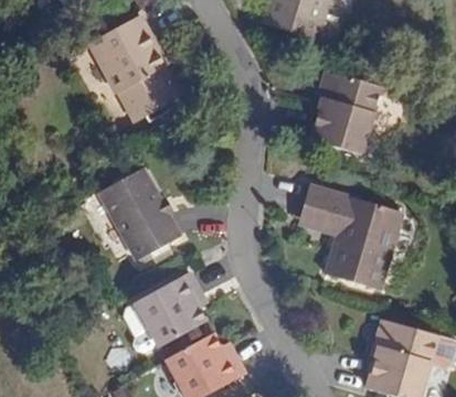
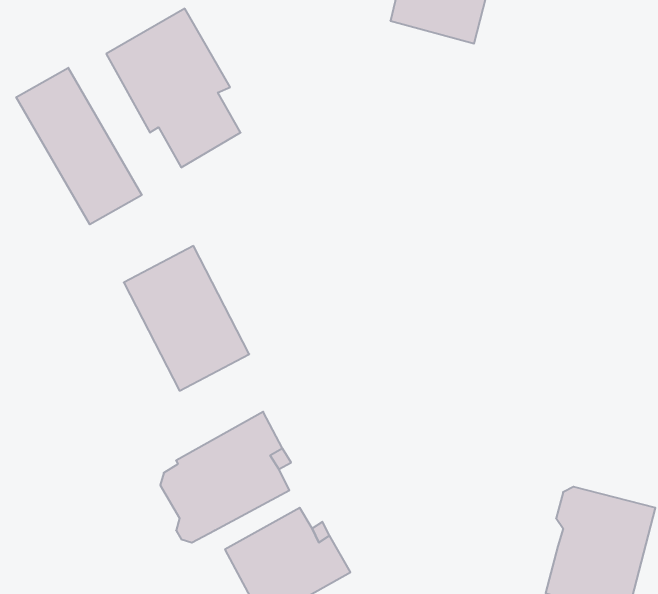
building: none -> [16,68,142,224]
building: [311,68,383,152] -> none
building: [303,185,404,290] -> none

